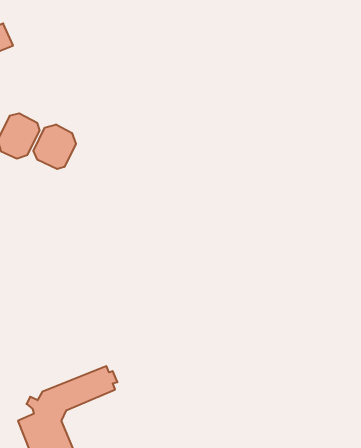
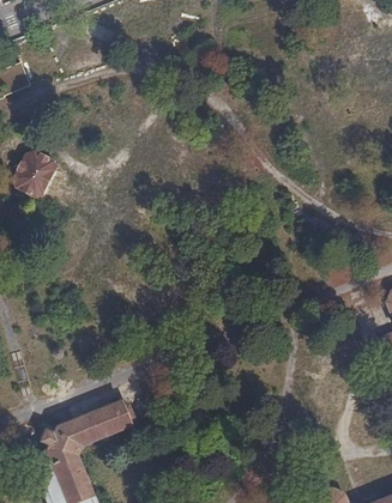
building: [33,124,76,169] -> none

